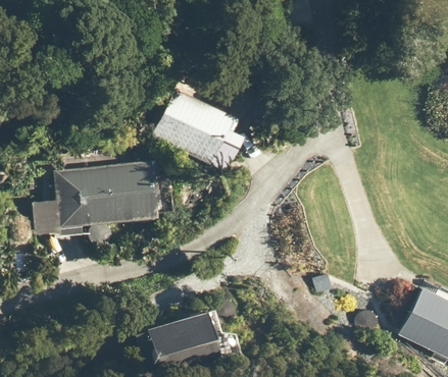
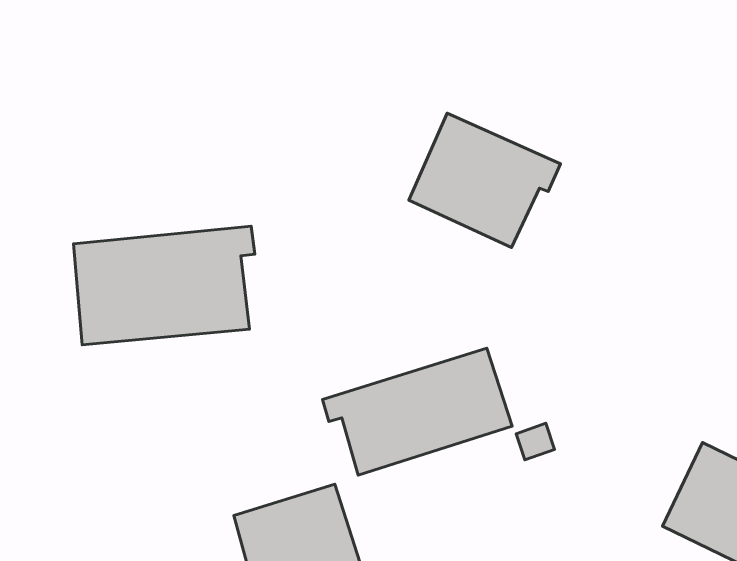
building: [151,84,240,162] -> [409,113,560,247]
building: none -> [323,348,512,475]

